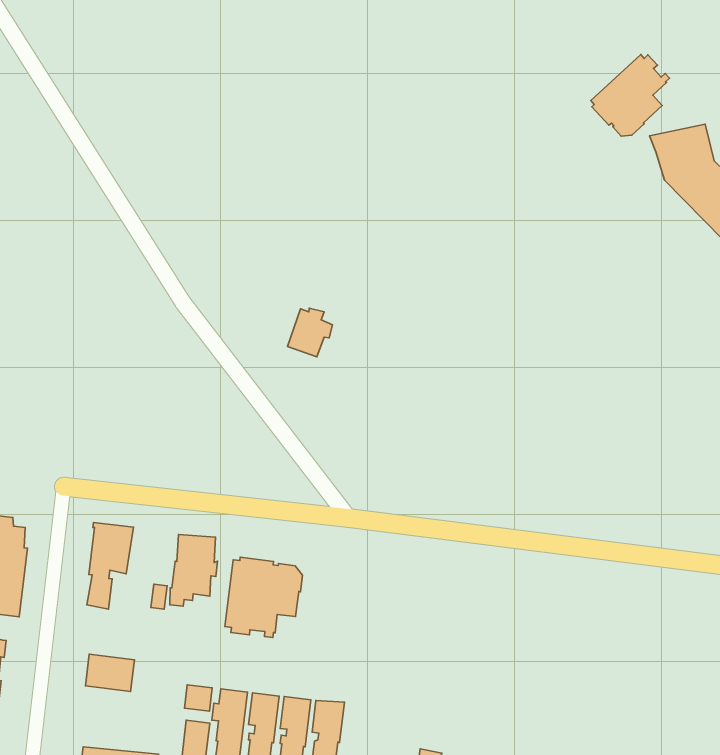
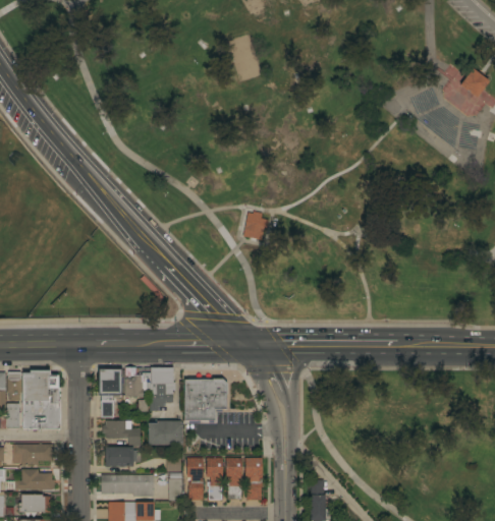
building: [591,55,669,136] -> none
building: [288,308,333,357] -> [242,212,268,240]
building: none -> [124,366,143,397]
building: none -> [102,420,141,445]
building: none -> [148,421,182,445]
building: none -> [101,475,153,497]

